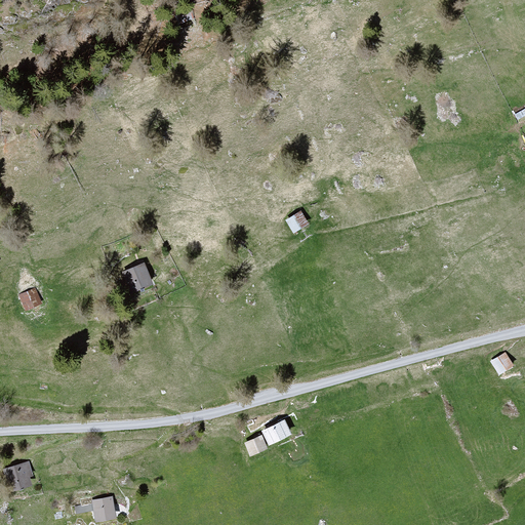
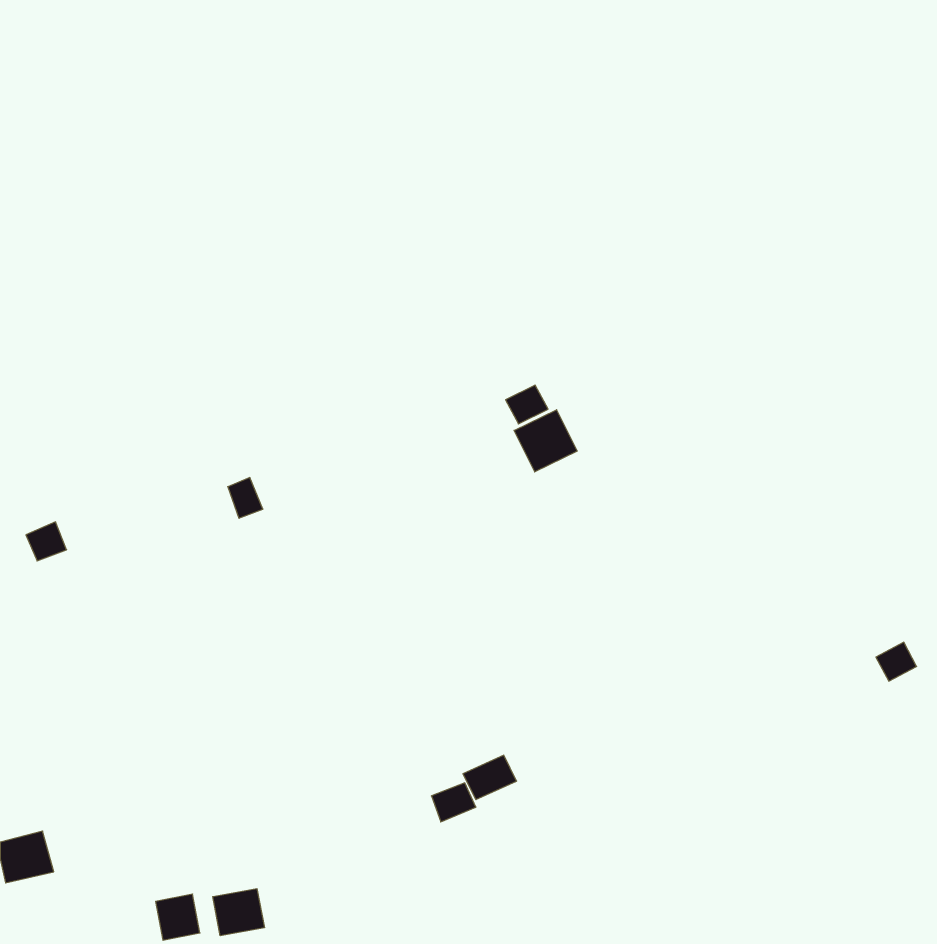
building: none -> [514,410,577,472]
building: none -> [213,889,264,936]

